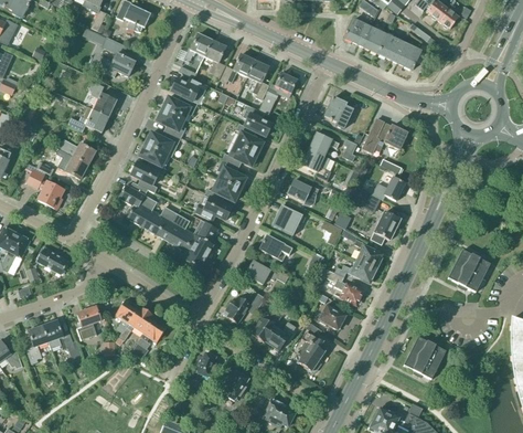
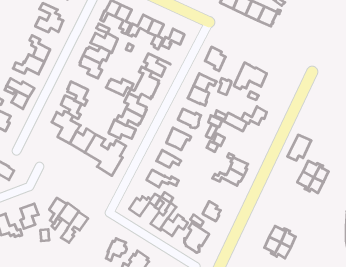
building: [145,133,181,155] -> [106,79,133,96]
building: [370,211,402,245] -> [287,135,311,160]
building: [321,268,363,306] -> none

